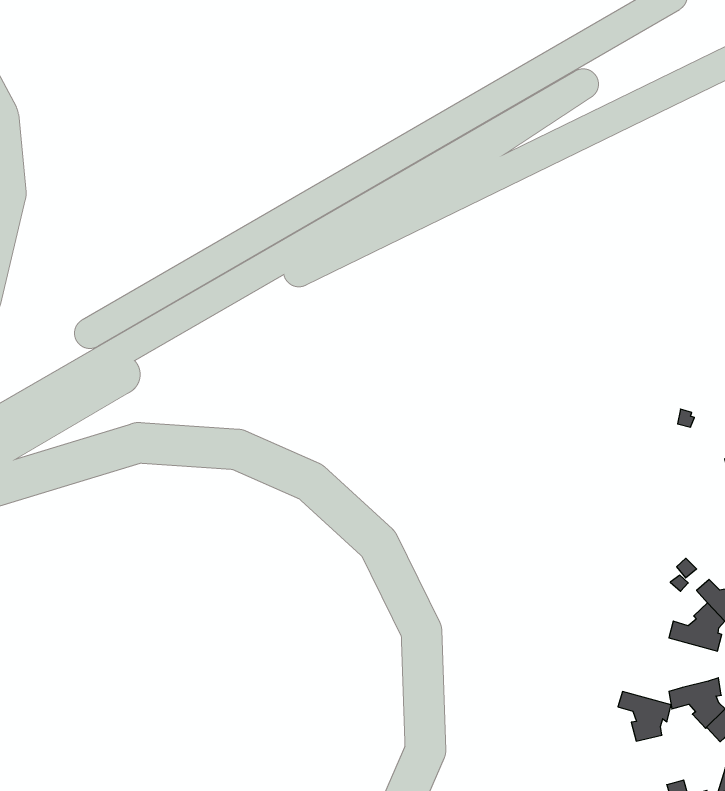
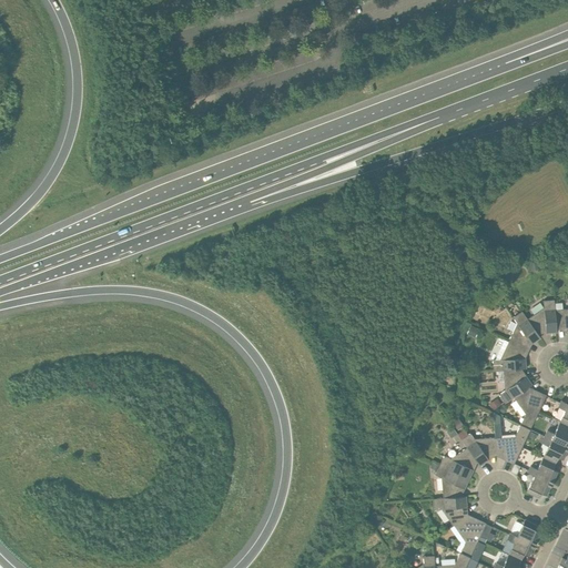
building: [618,692,671,741] -> [435,466,468,498]

